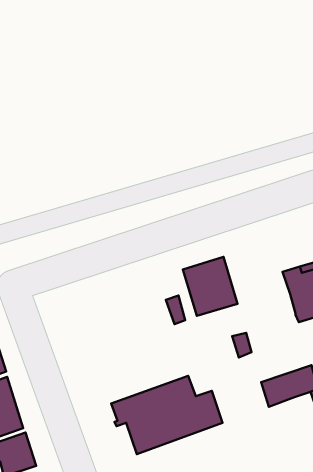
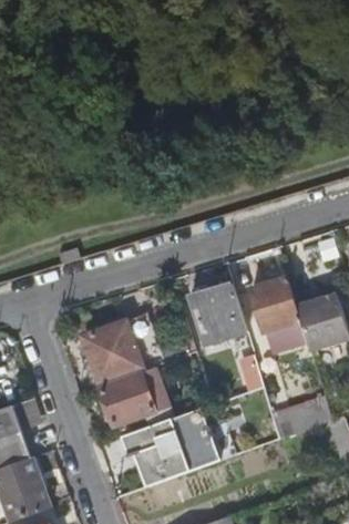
building: none -> [253,278,309,349]
building: none -> [81,312,163,382]
building: none -> [100,371,166,425]

